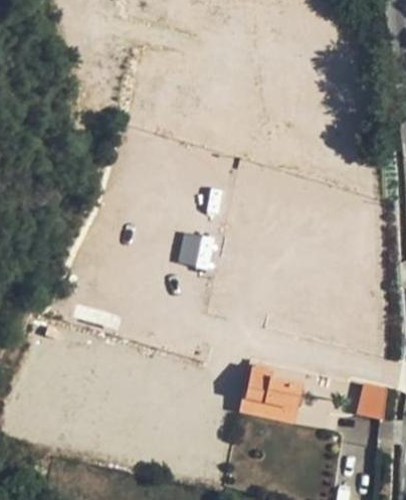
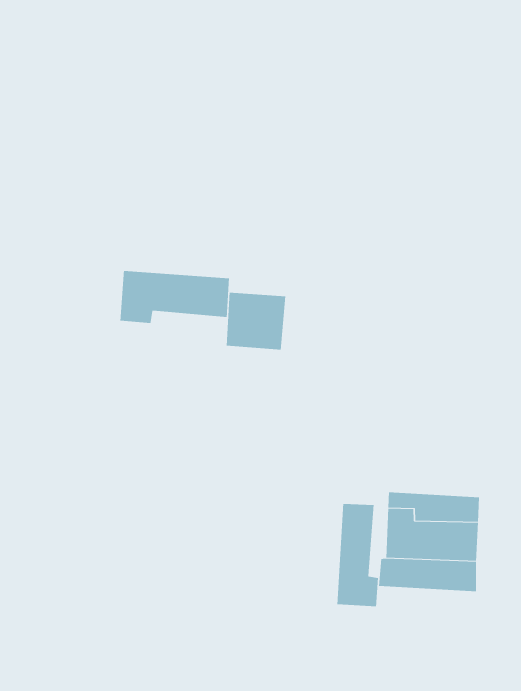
building: none -> [120,270,230,324]
building: none -> [337,503,379,607]

